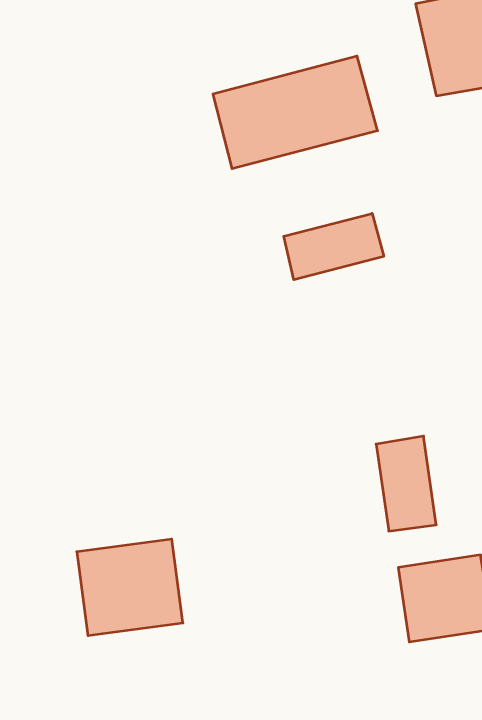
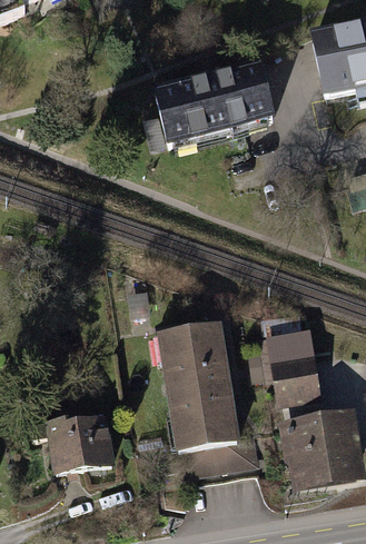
building: [284,213,384,280] -> none
building: none -> [160,320,256,472]

